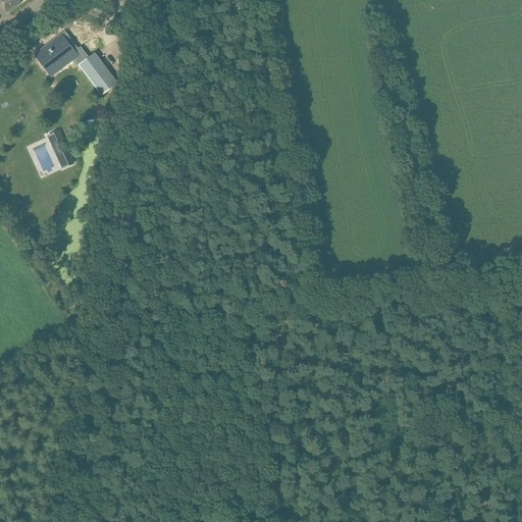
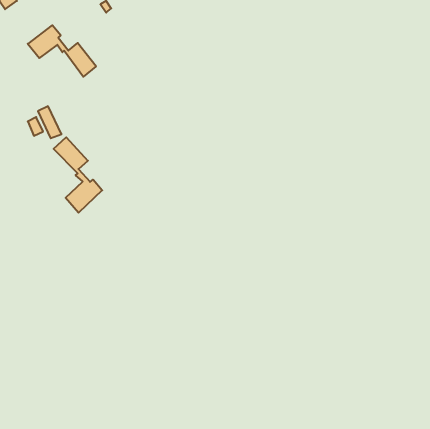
building: none -> [54,137,102,213]

